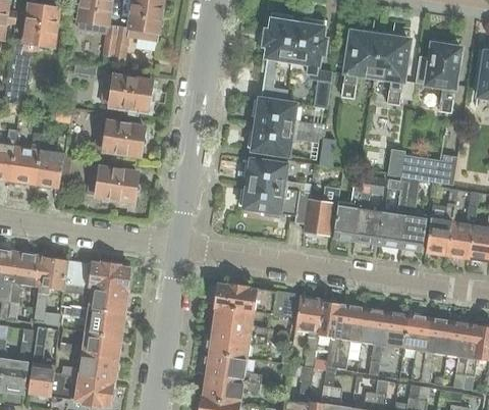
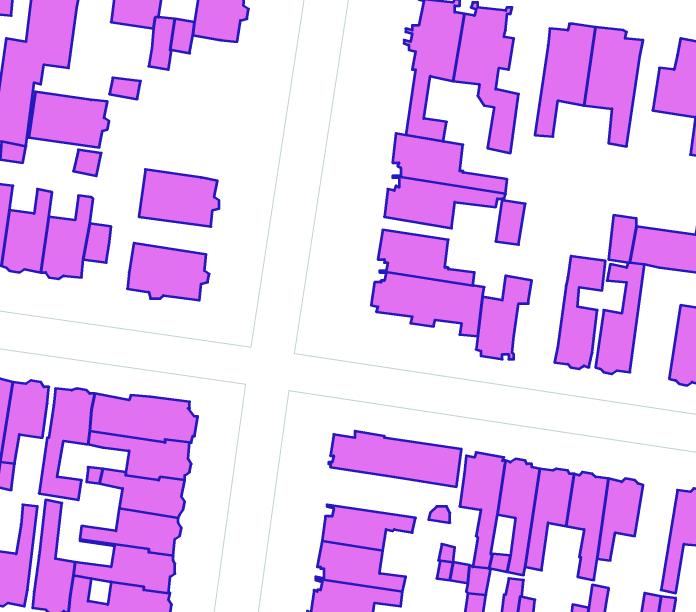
building: [102,75,152,110] -> [29,92,109,147]
building: [400,180,426,252] -> none
building: [333,187,362,241] -> none
building: [212,306,273,339] -> none
building: [403,315,430,382] -> none

